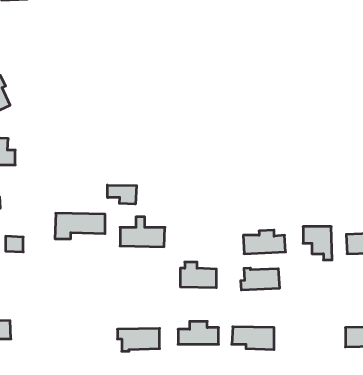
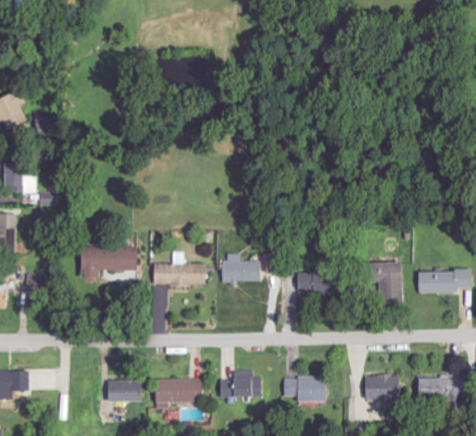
building: [107,185,137,204] -> none
building: [180,262,216,288] -> [220,254,261,283]
building: [241,268,279,290] -> none
building: none -> [364,375,401,409]
building: none -> [108,381,141,402]

